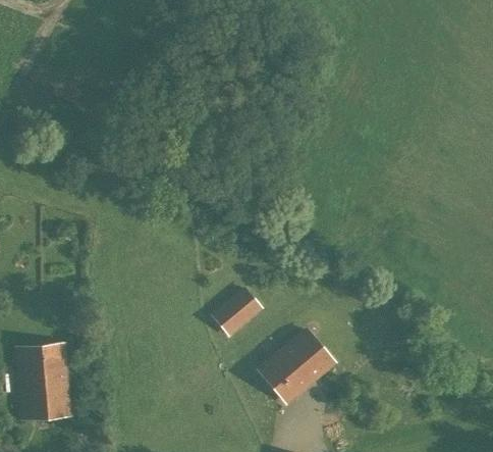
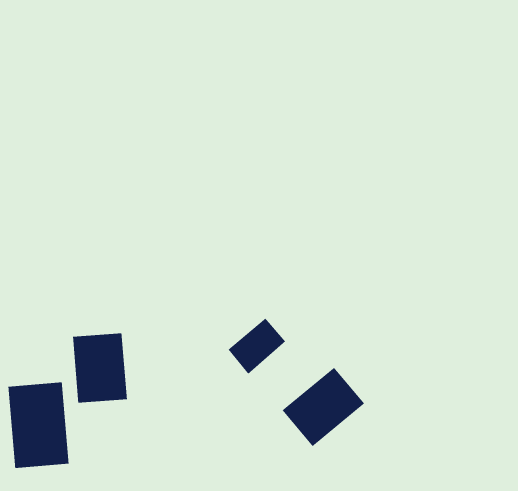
building: none -> [72,332,128,403]

